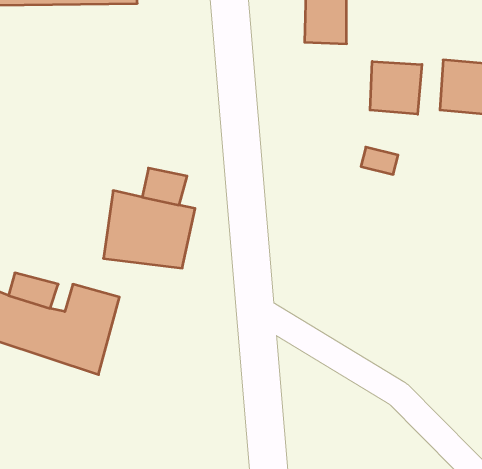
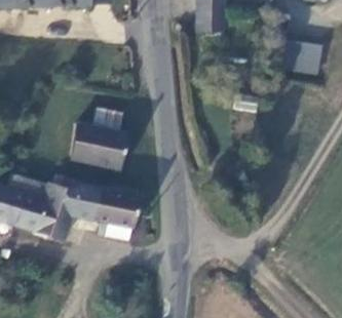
building: [370,61,422,114] -> none
building: none -> [90,187,141,230]

